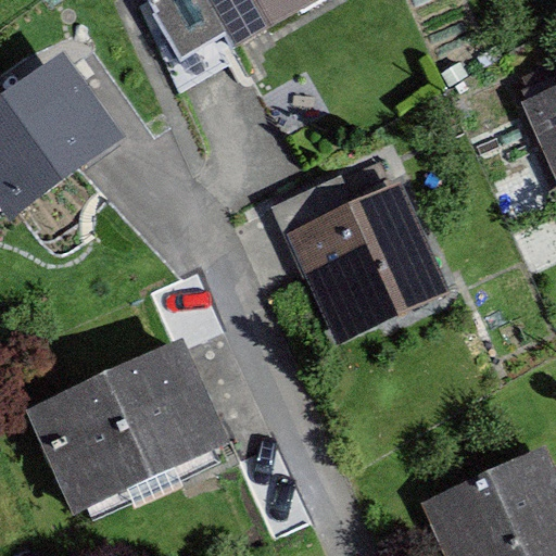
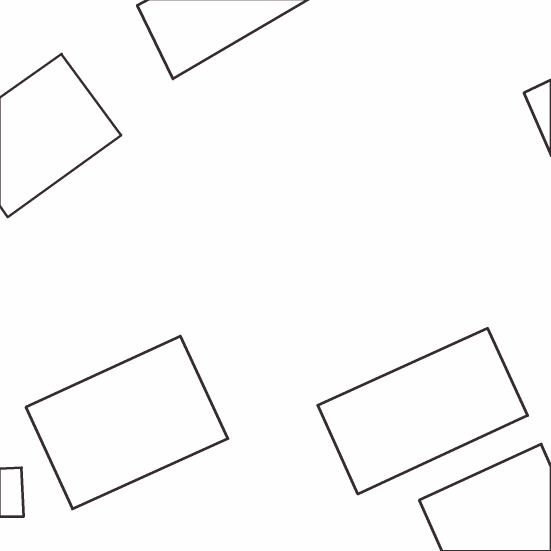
building: [271,176,453,346] -> none
building: none -> [318,328,528,494]

